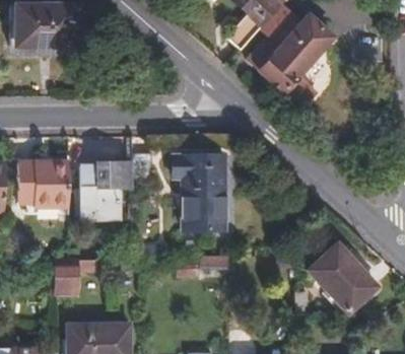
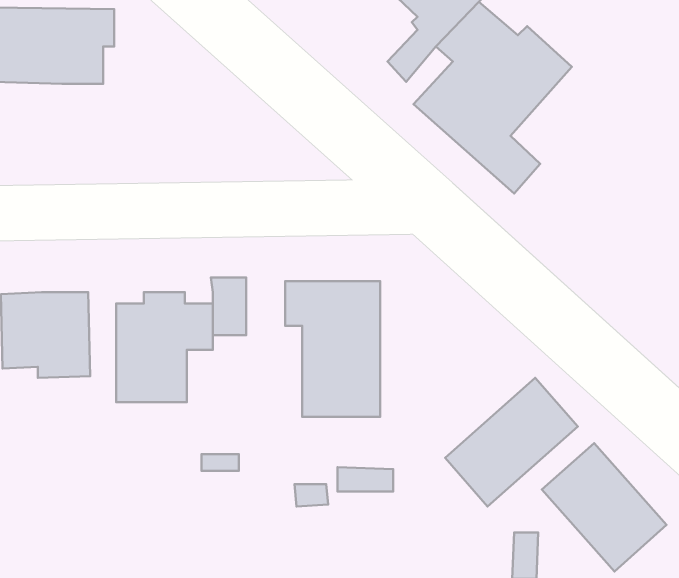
building: none -> [445,378,578,506]
building: [55,266,96,300] -> none

